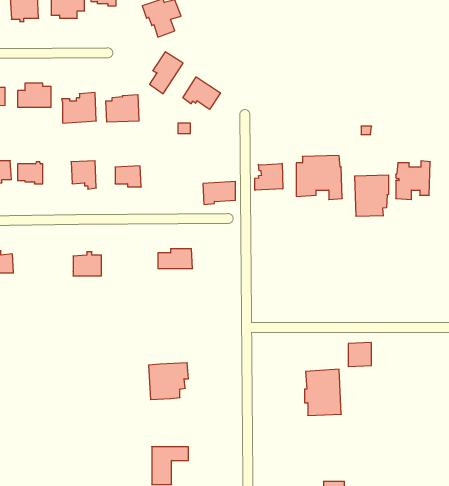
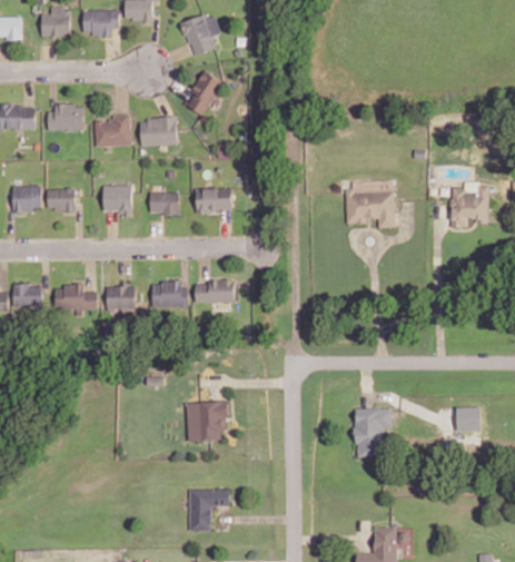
building: [183,77,220,109] -> none
building: [255,163,283,190] -> none
building: [355,175,388,216] -> none
building: [203,181,235,204] -> [197,189,231,214]
building: none -> [152,282,188,307]
building: none -> [56,284,97,310]
building: [348,343,371,367] -> [455,408,479,434]

